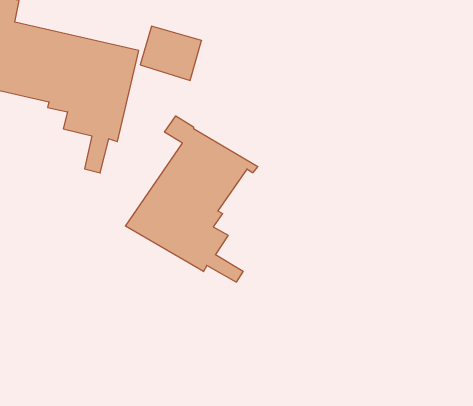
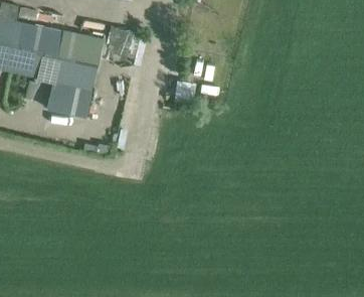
building: [125,116,258,282] -> none

